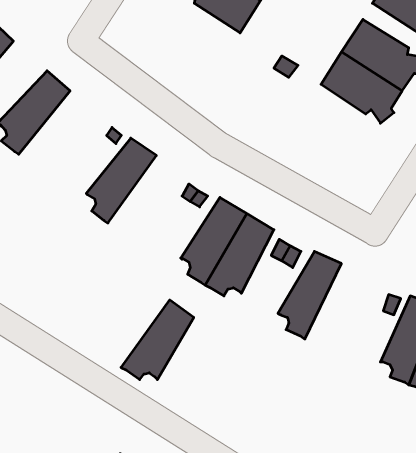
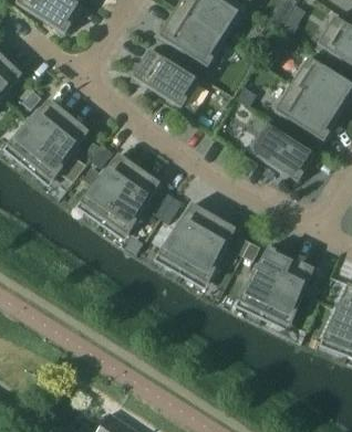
building: none -> [132,48,198,107]
building: none -> [25,114,87,178]
building: none -> [247,122,314,180]
building: none -> [260,255,313,325]
building: [121,300,194,380] -> [99,167,158,232]

